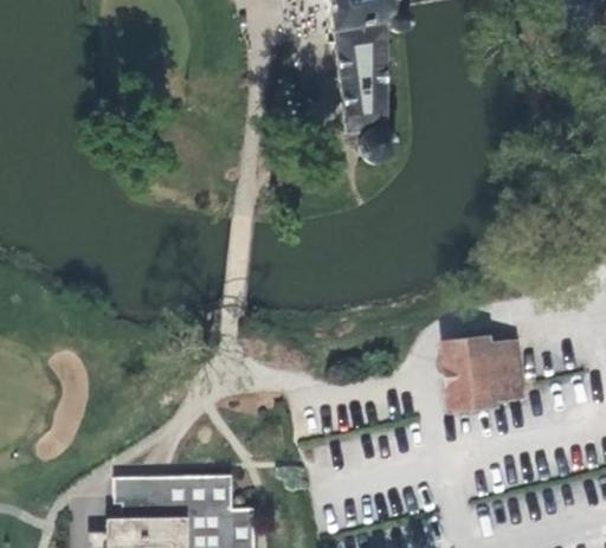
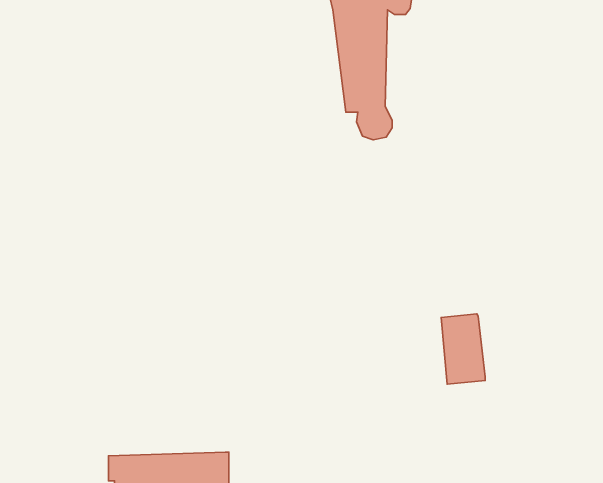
building: [479,337,518,401] -> none

